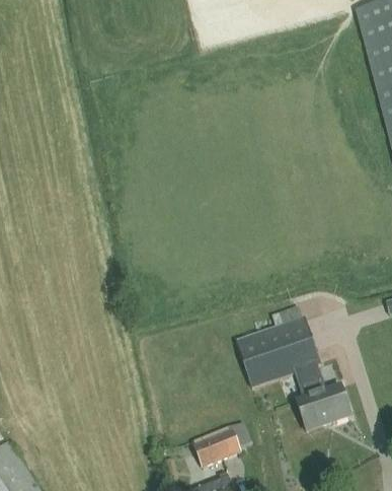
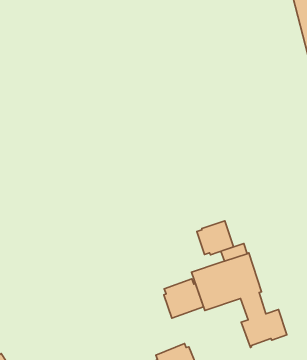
building: none -> [197,221,233,255]
building: none -> [164,279,204,318]

